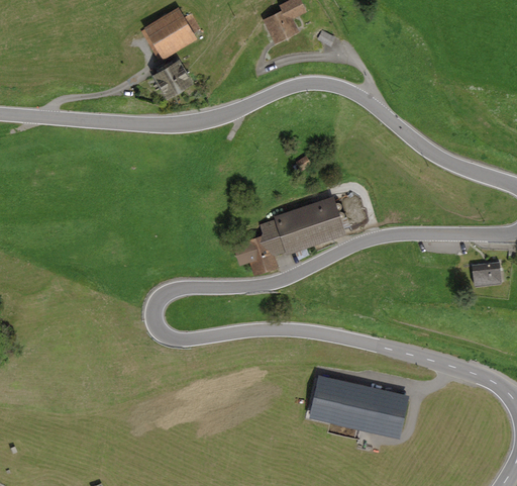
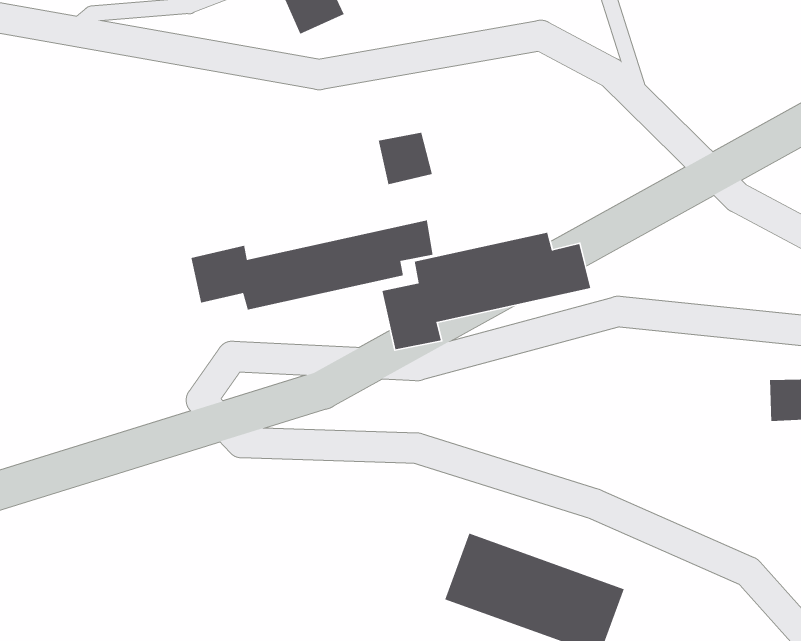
building: none -> [378,132,433,185]
building: none -> [190,220,434,310]

